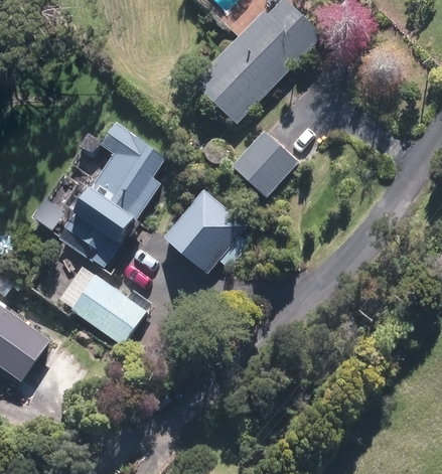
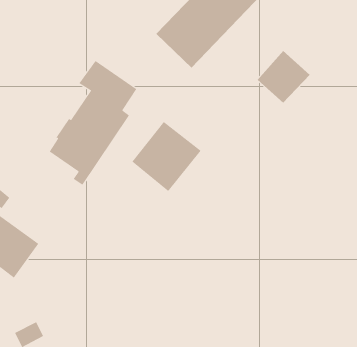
building: [240,132,305,197] -> [257,50,310,104]
building: [69,275,148,347] -> none

